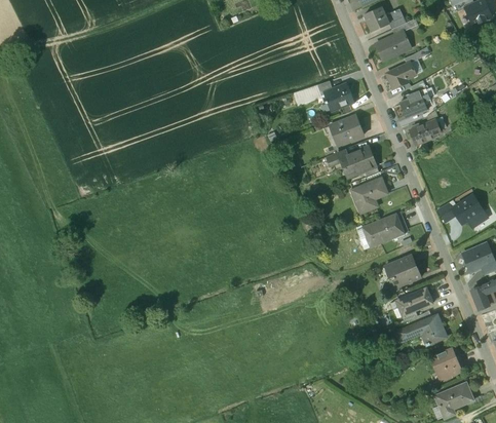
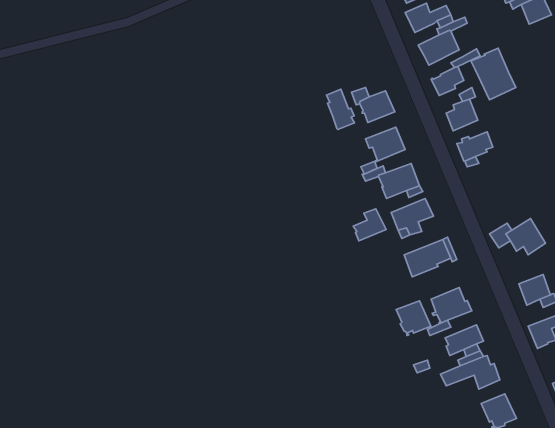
building: none -> [471,48,516,100]
building: none -> [327,89,354,129]
building: none -> [353,209,386,241]
building: none -> [396,301,431,336]

